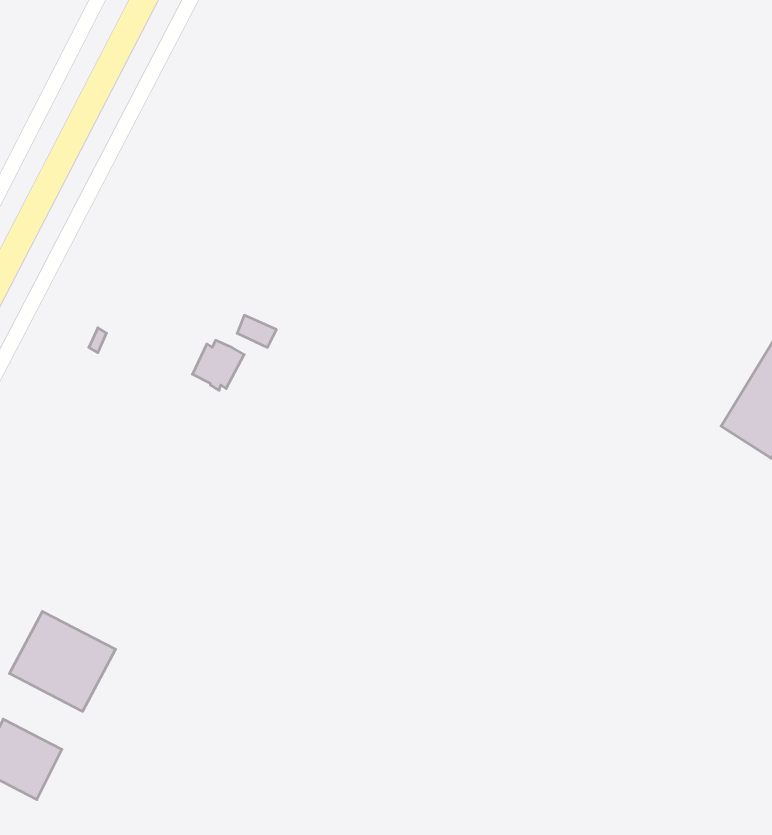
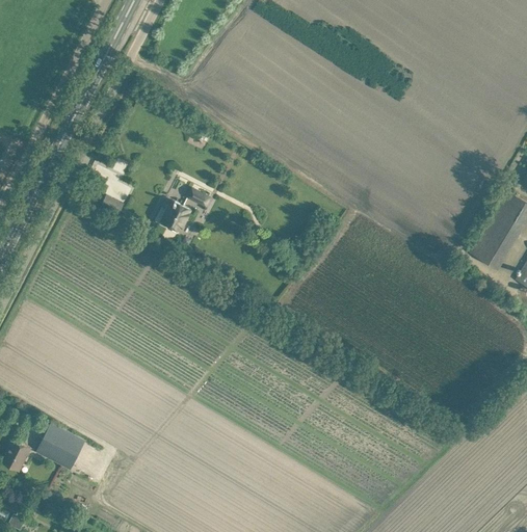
building: [9,611,116,711] -> none

